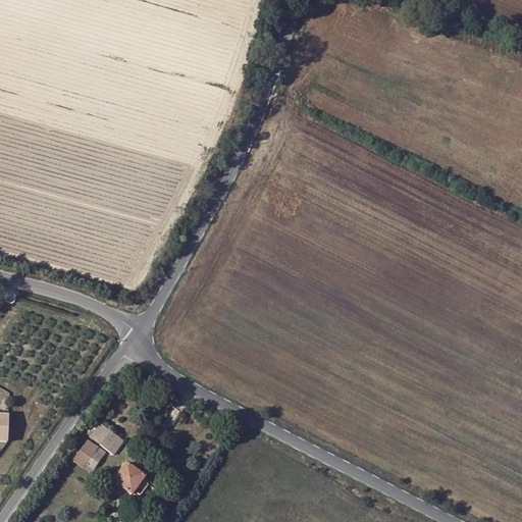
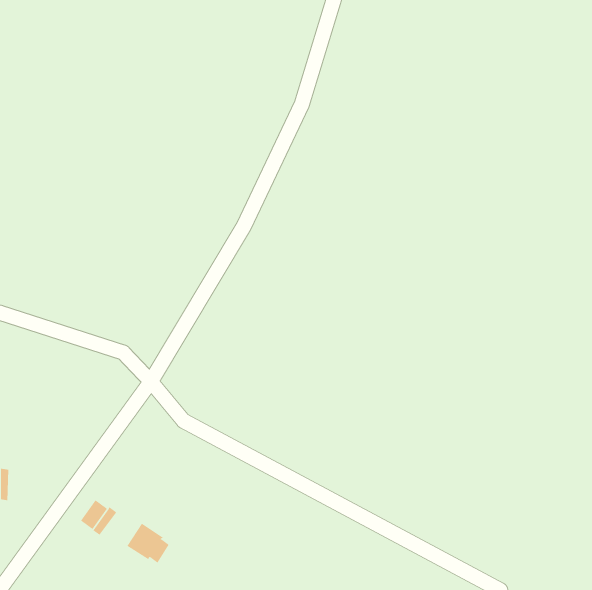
building: [88,421,118,451] -> none

